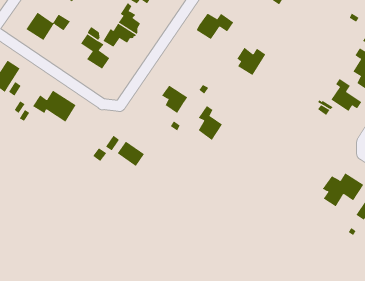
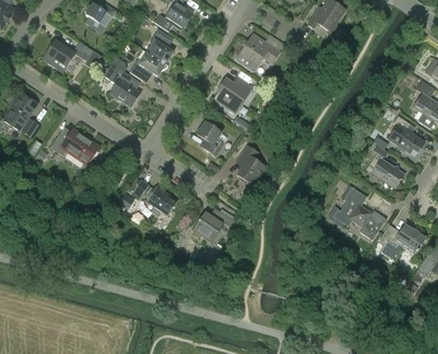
building: [236,47,266,76] -> [217,78,251,110]
building: none -> [372,157,404,187]
building: none -> [333,186,381,238]
building: none -> [193,209,235,240]

